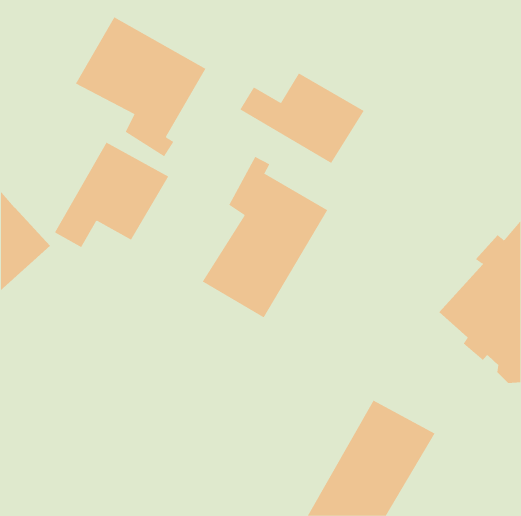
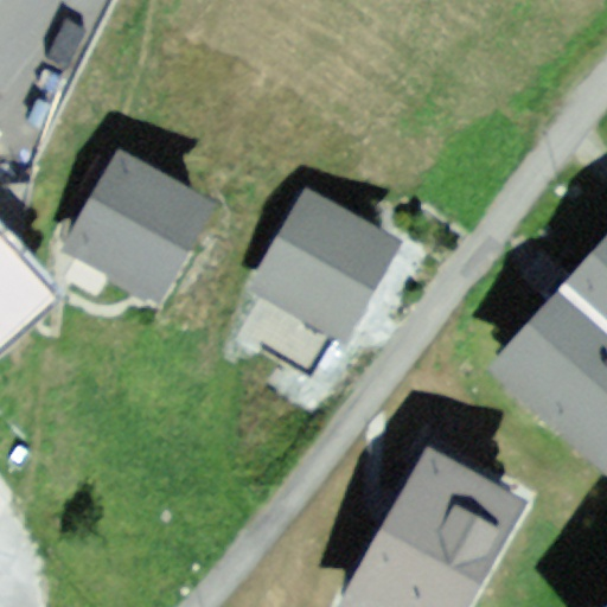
building: [75,16,206,157] -> none
building: [240,72,364,164] -> none

